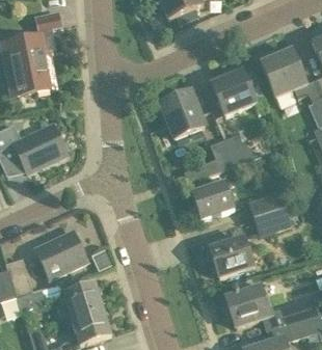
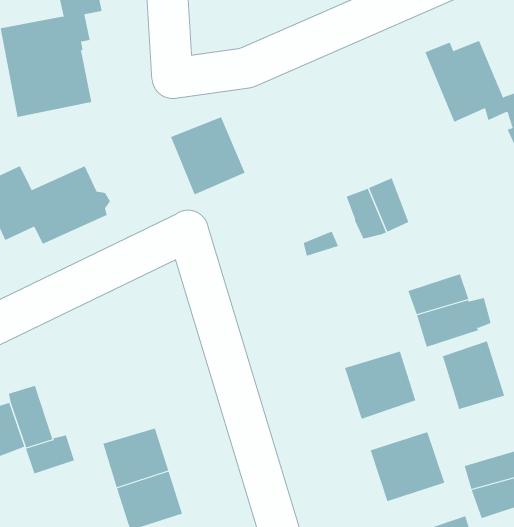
building: [211,70,257,116] -> none
building: [160,91,206,139] -> [170,116,245,195]
building: [191,181,235,220] -> none
building: none -> [442,340,505,410]
building: [35,231,88,278] -> none

